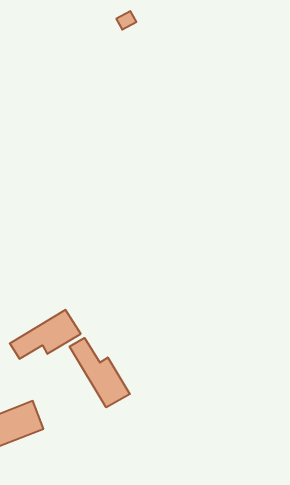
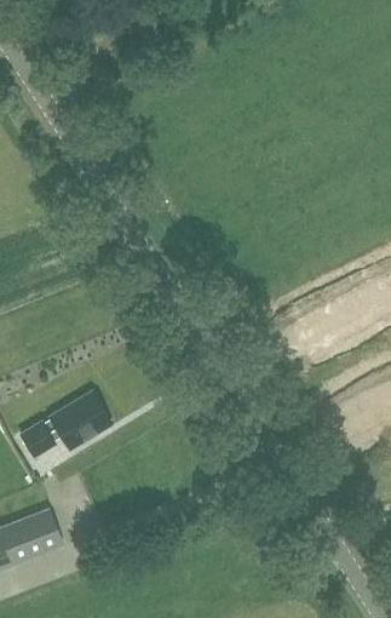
building: [70,338,130,407] -> none

